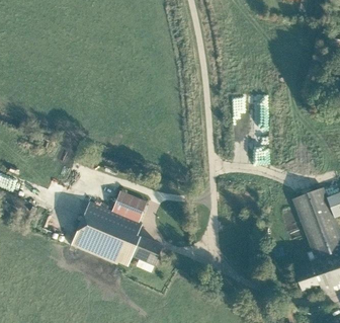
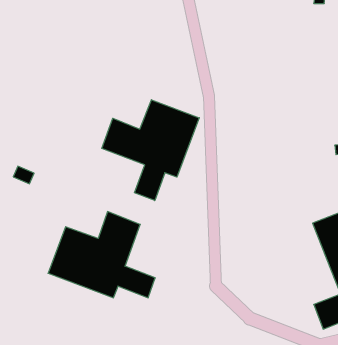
building: none -> [102,100,199,201]

